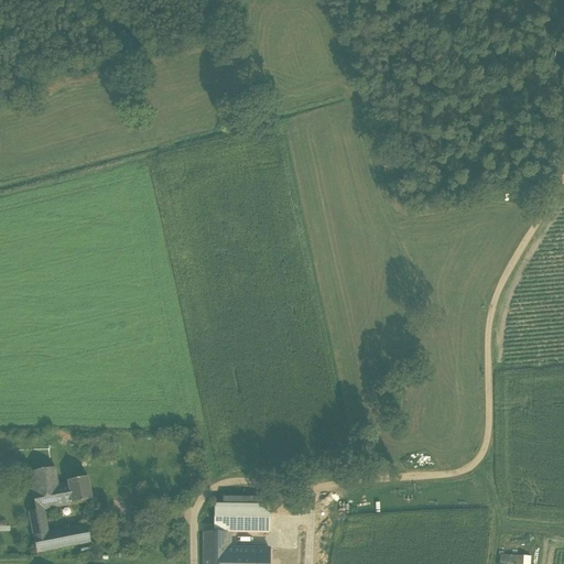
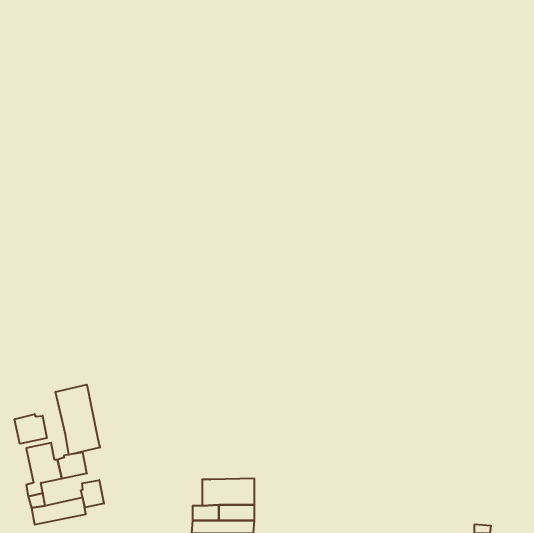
building: none -> [56,385,100,455]
building: none -> [15,414,47,444]
building: none -> [81,480,104,508]

